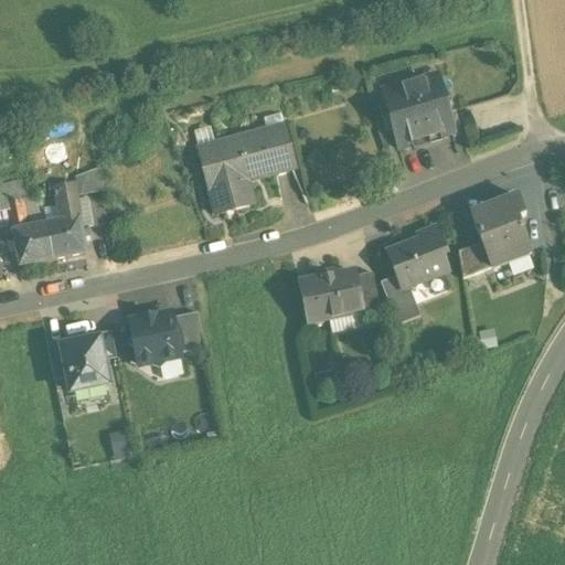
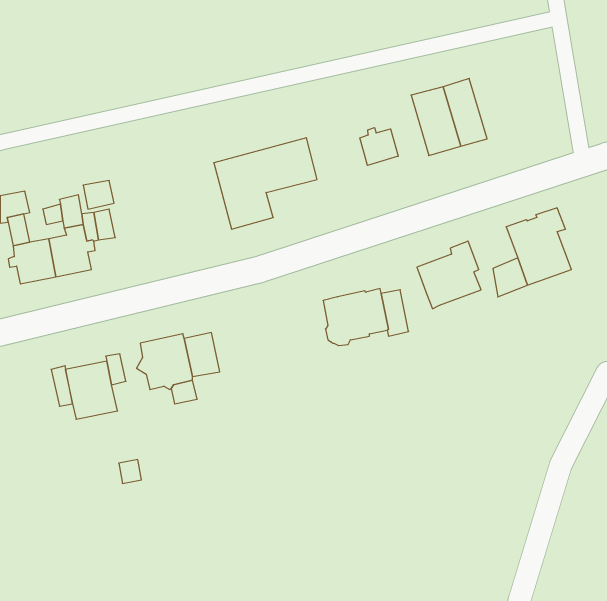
building: none -> [360,128,398,165]
building: [380,273,420,322] -> none

